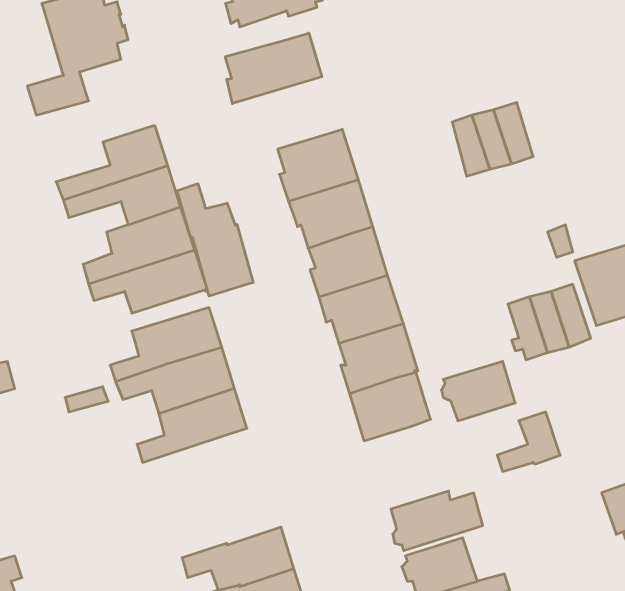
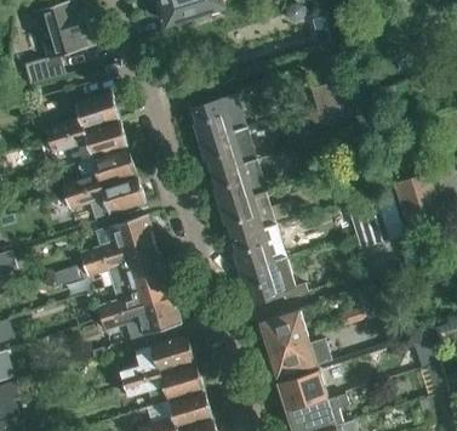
building: [225,33,322,104] -> none
building: [177,184,253,296] -> none
building: [441,361,515,421] -> [258,311,308,351]
building: none -> [102,296,181,340]
building: none -> [124,335,195,384]

